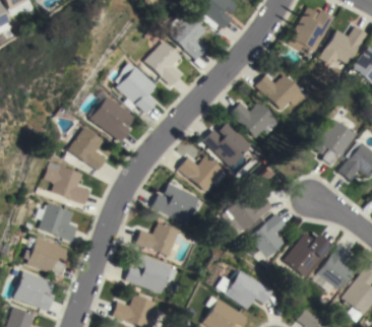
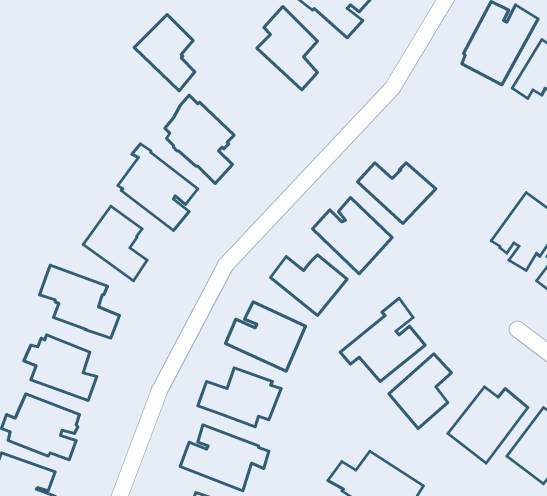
building: [146,41,182,85] -> [134,15,195,91]
building: [255,74,305,110] -> none

